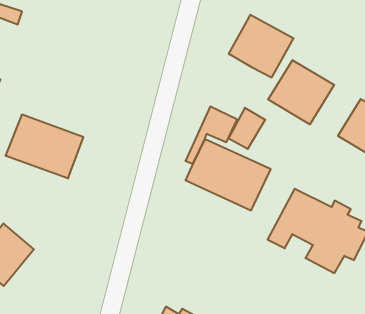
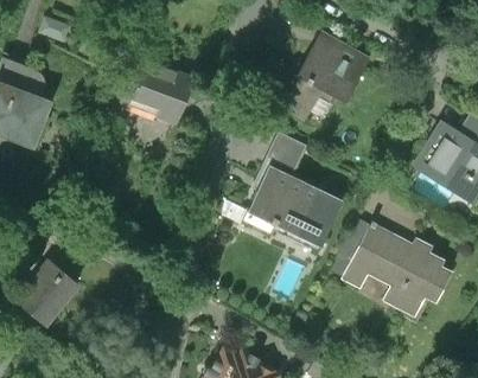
building: [268,60,334,124] -> none
building: [228,108,265,149] -> [280,75,320,120]
building: [5,115,83,178] -> [106,53,191,123]

